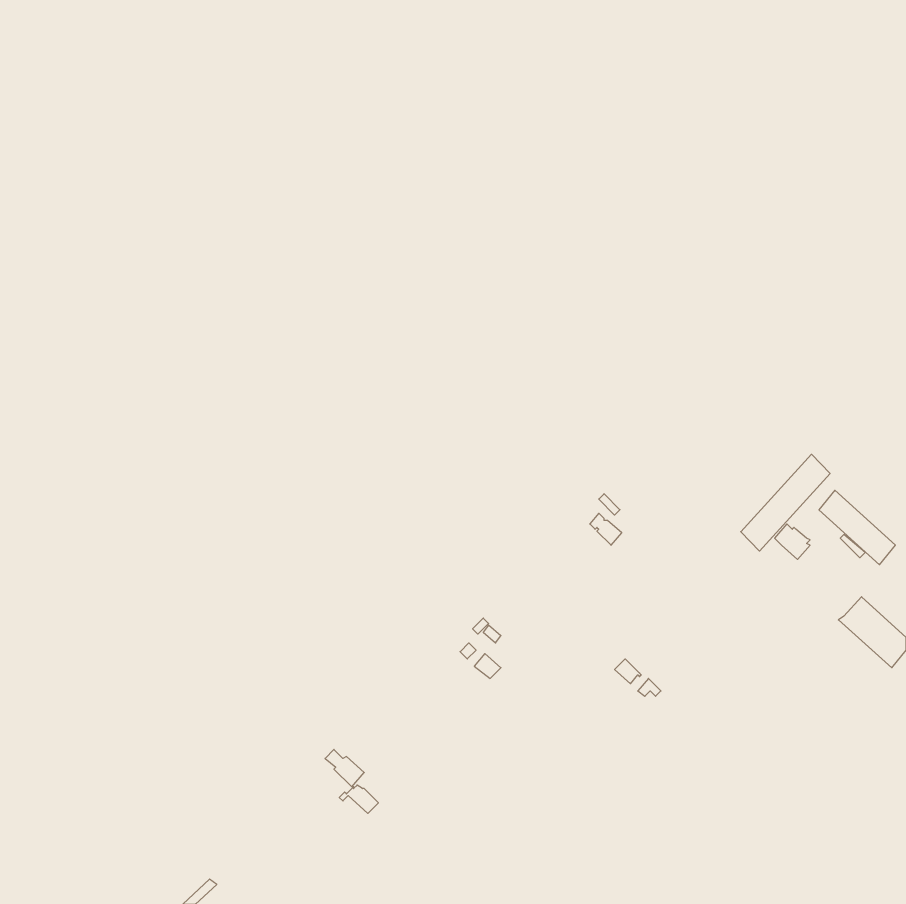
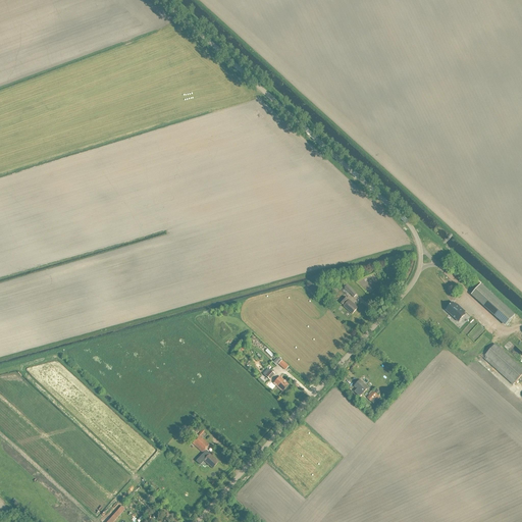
building: [741,454,830,551] -> none

